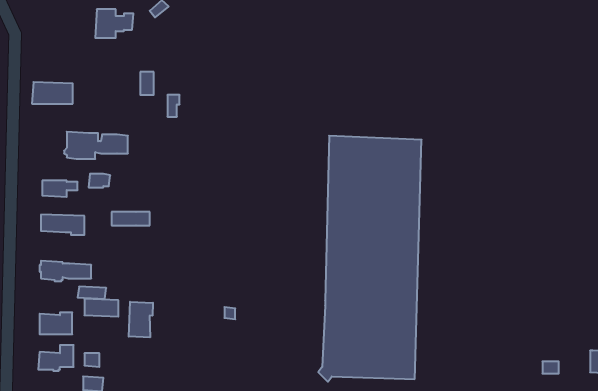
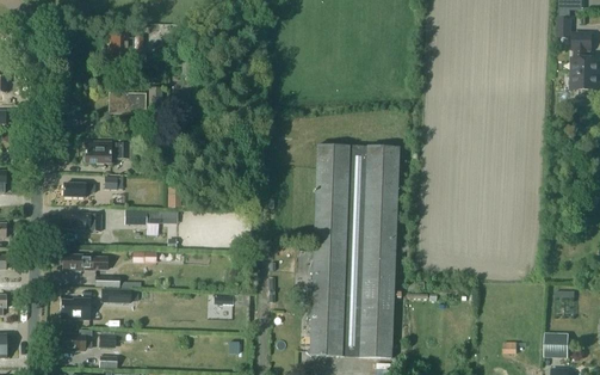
building: [32,82,73,104] -> [110,93,146,112]
building: [129,302,153,337] -> none

